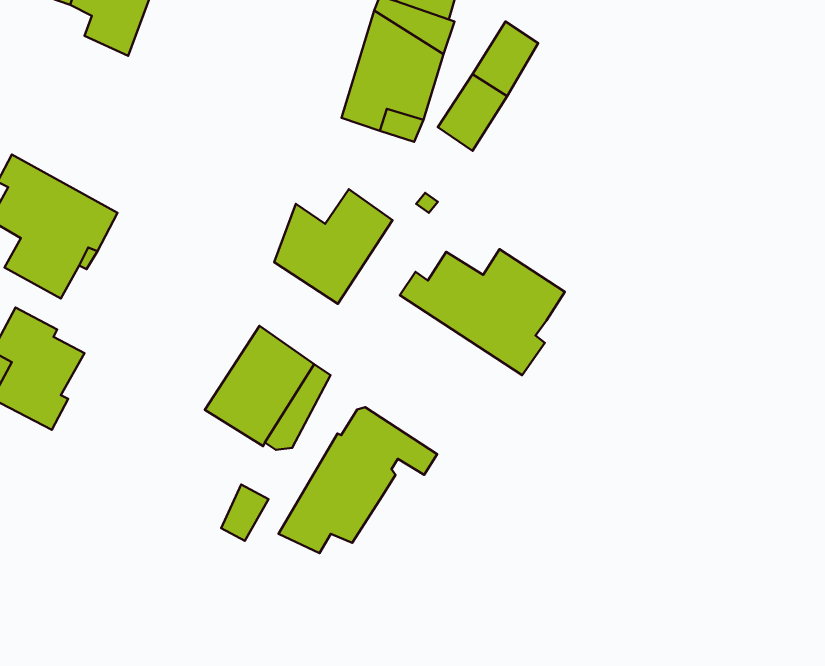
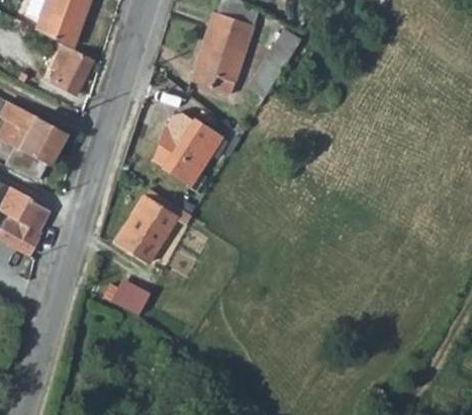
building: none -> [38,44,93,103]
building: [400,249,565,375] -> none
building: [278,407,437,553] -> none

